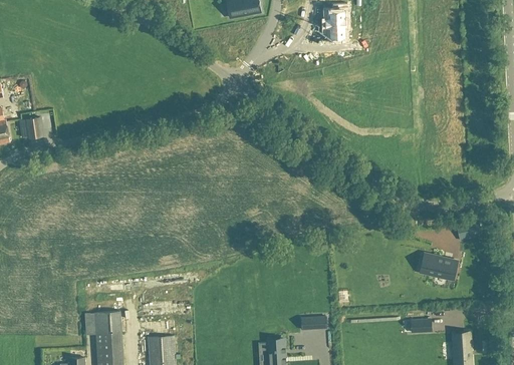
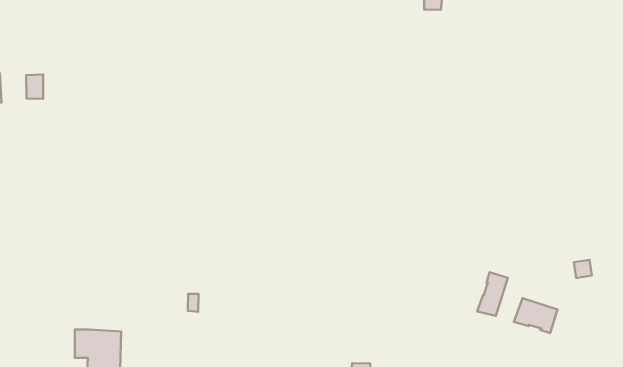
building: none -> [477,272,508,316]

